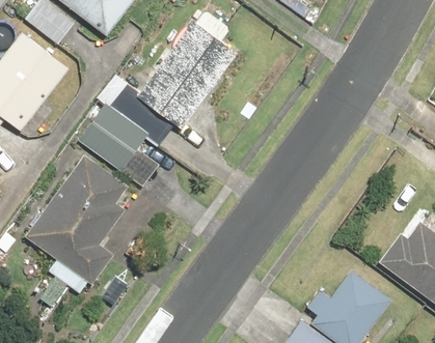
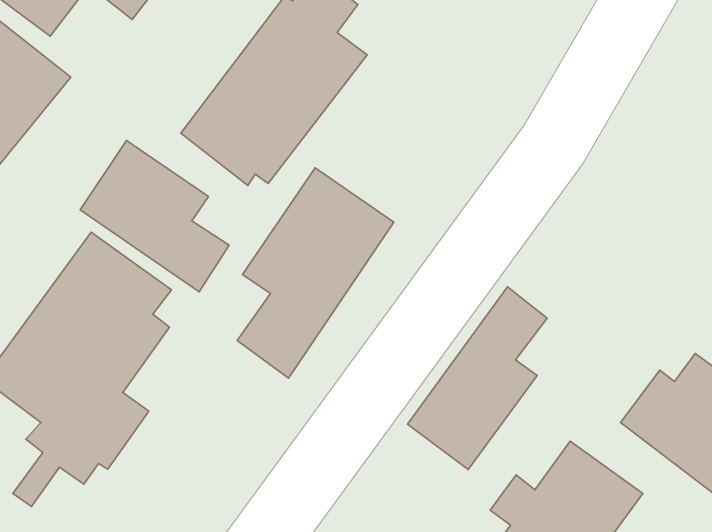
building: none -> [237,168,394,378]
building: none -> [407,287,547,470]

